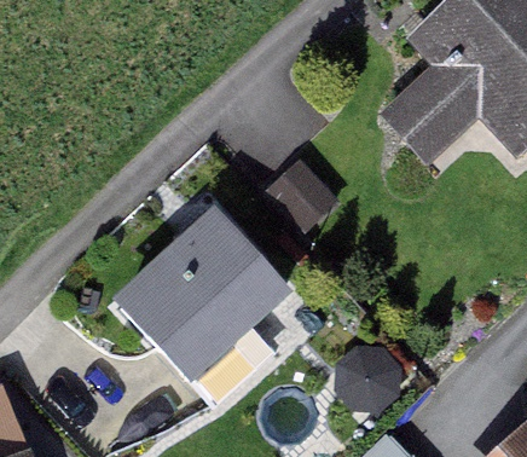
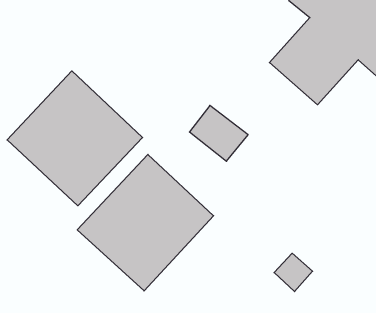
building: none -> [7,71,143,206]

